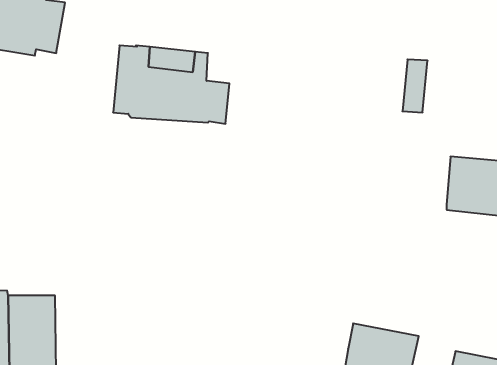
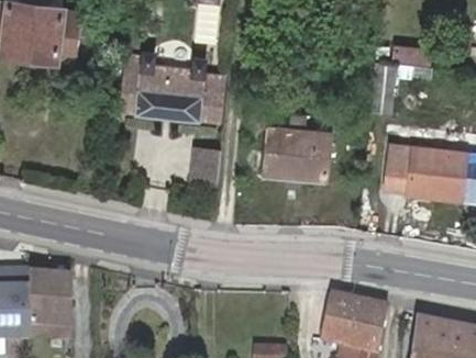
building: none -> [245,126,330,181]
building: none -> [384,142,416,191]
building: none -> [188,146,221,188]

